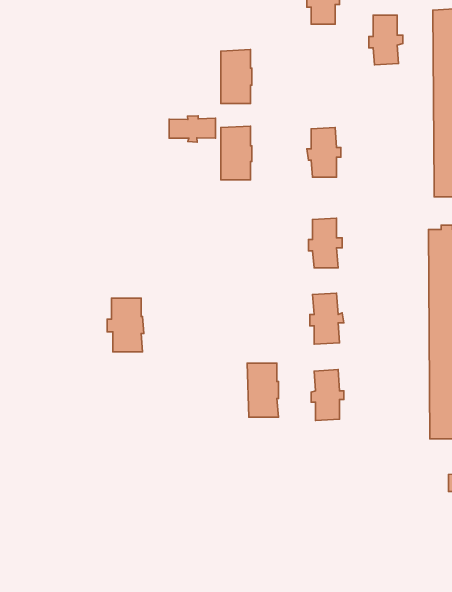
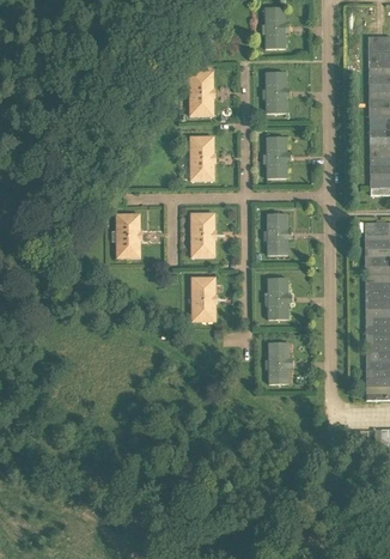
building: [369,15,403,65] -> [262,72,291,114]
building: [169,116,215,142] -> none
building: none -> [190,212,217,257]
building: [107,298,144,352] -> [111,213,142,259]
building: [247,363,278,417] -> [190,277,217,322]

